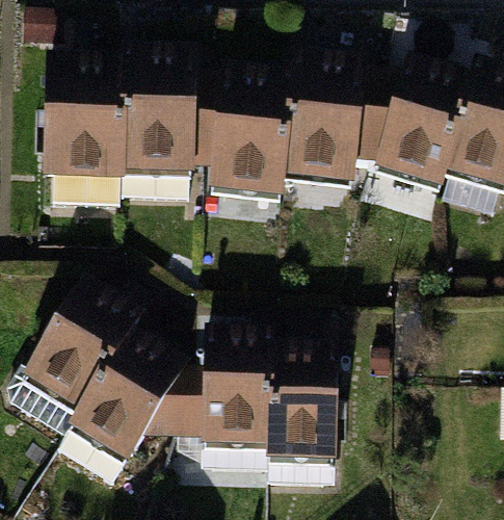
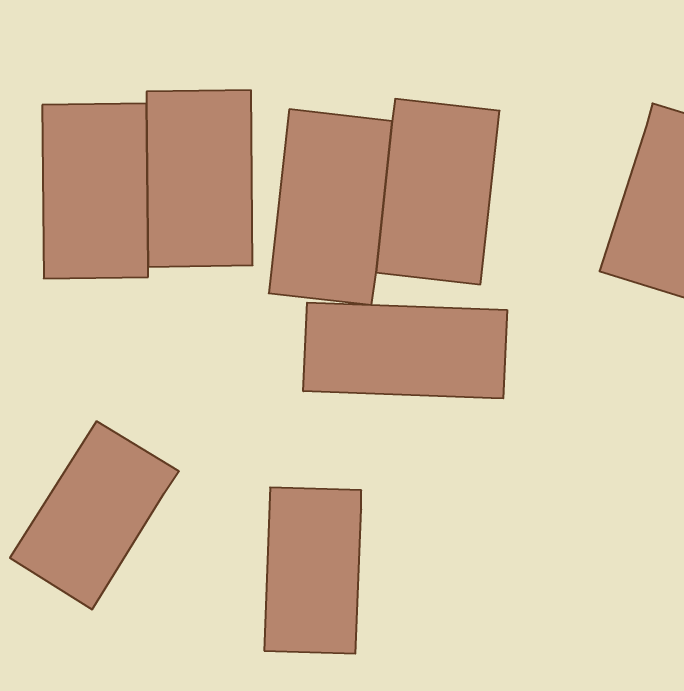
building: [360,73,470,218] -> none
building: none -> [303,303,507,398]
building: [69,355,182,485] -> none
building: [264,366,333,484] -> none

